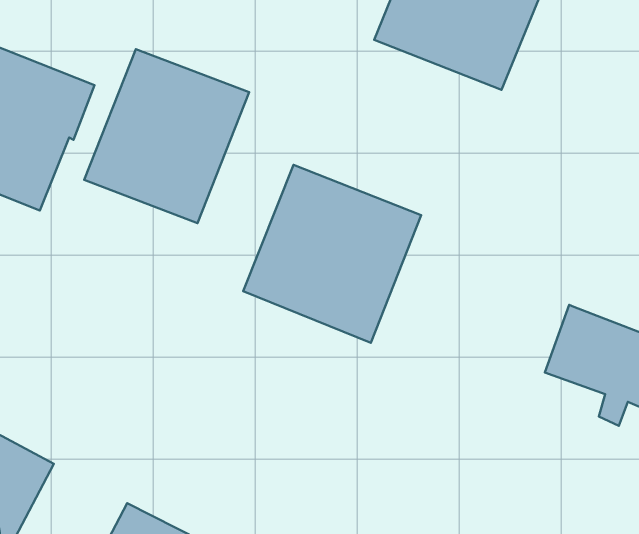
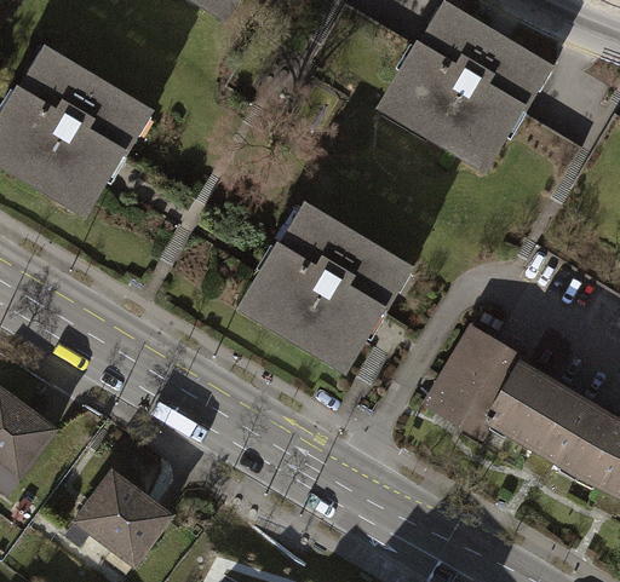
building: [84,49,249,223] -> none
building: none -> [425,323,527,433]

